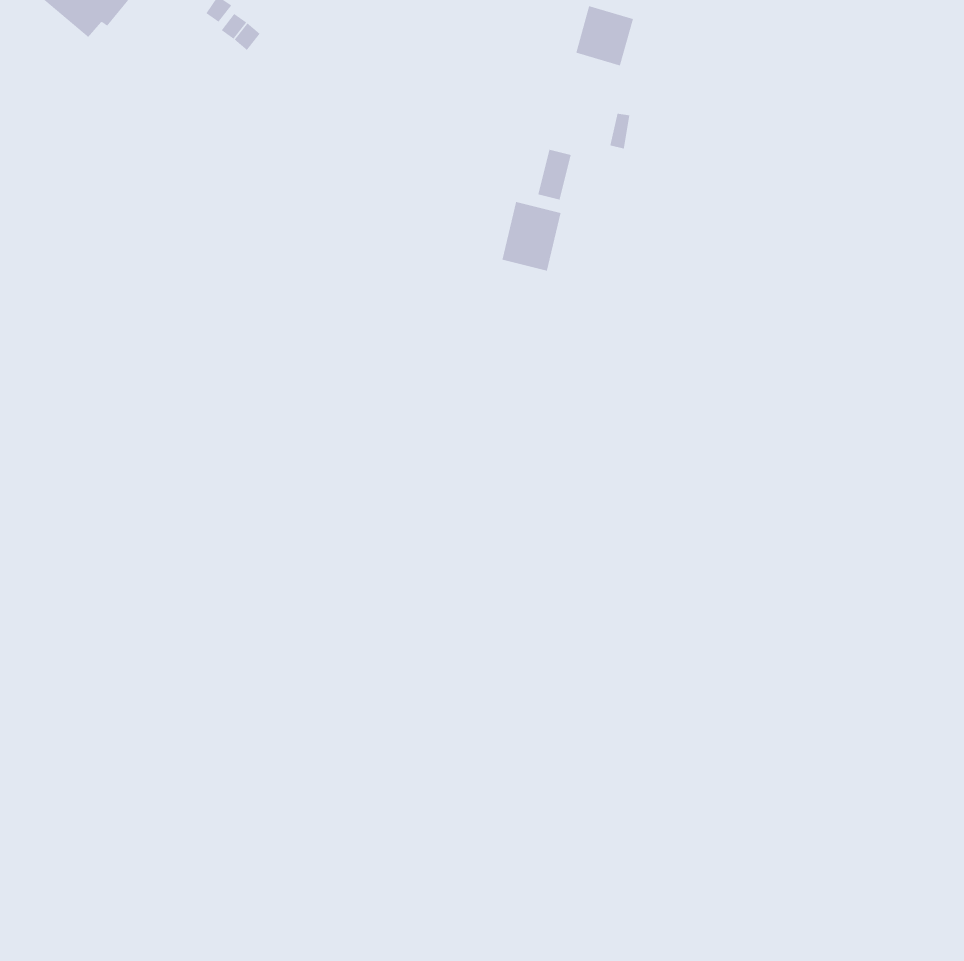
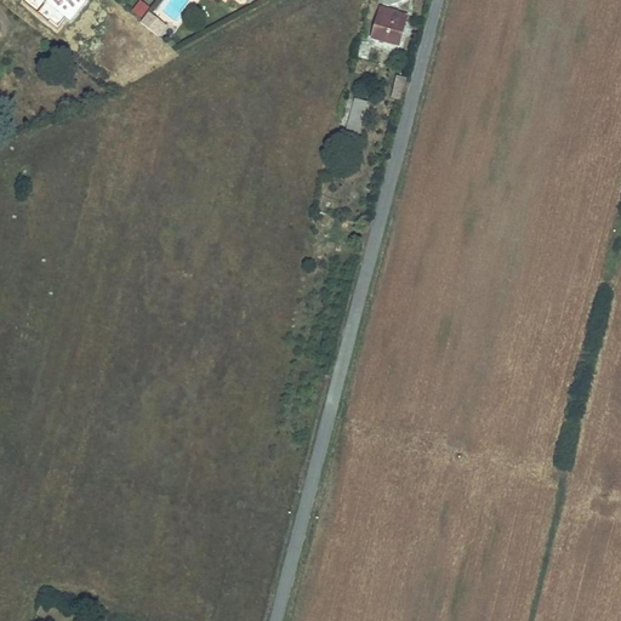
building: [502,201,561,272] -> none

